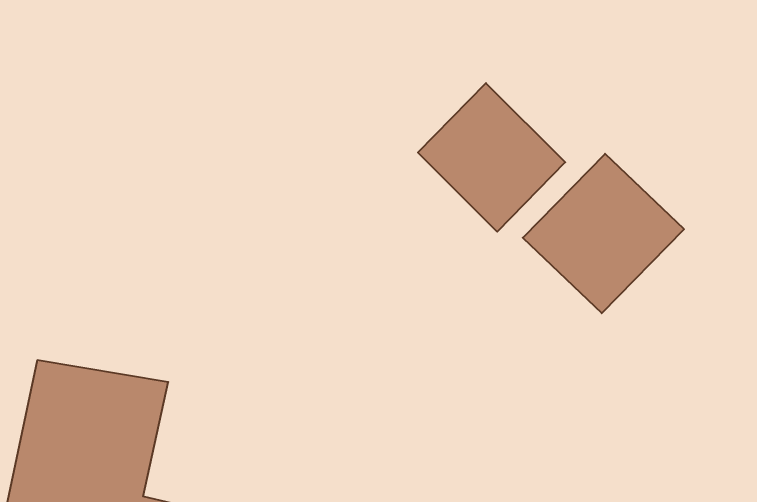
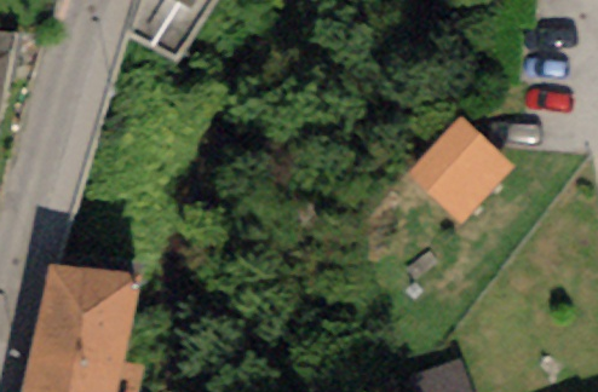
building: [418,83,565,232] -> none

